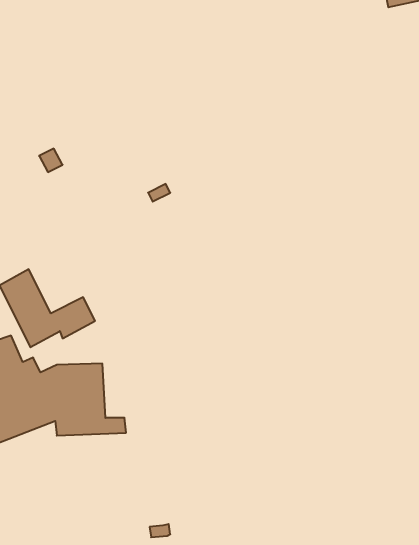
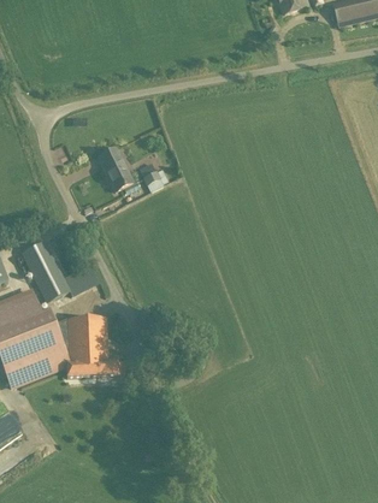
building: none -> [98,148,132,190]

